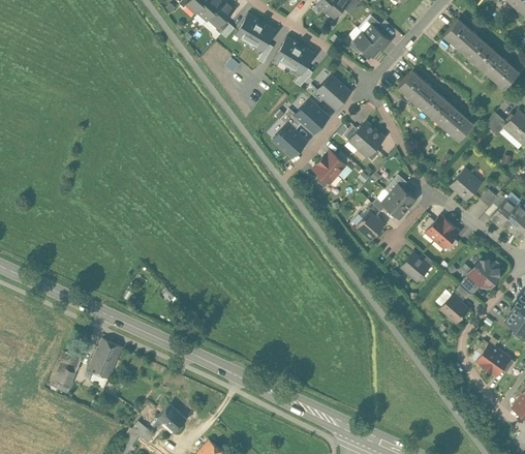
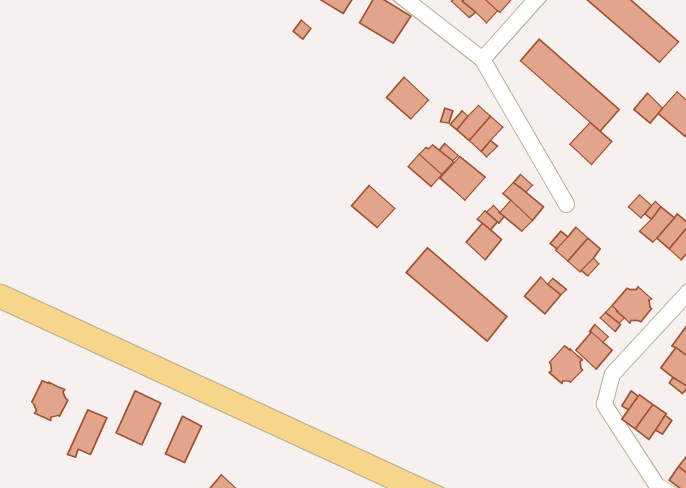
building: [317,75,350,108] -> none
building: [273,125,306,157] -> [352,186,395,228]
building: none -> [439,156,485,200]
building: [450,170,482,202] -> [570,122,612,164]
building: none -> [406,248,507,341]
building: none -> [549,346,583,384]
building: none -> [32,381,68,420]
building: none -> [166,416,202,463]

